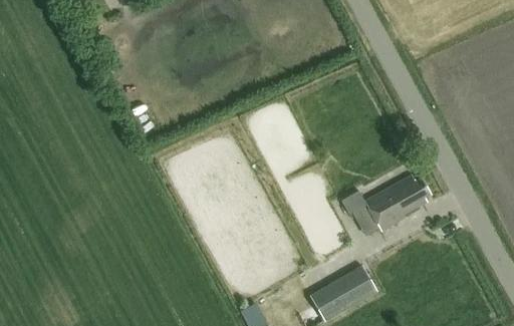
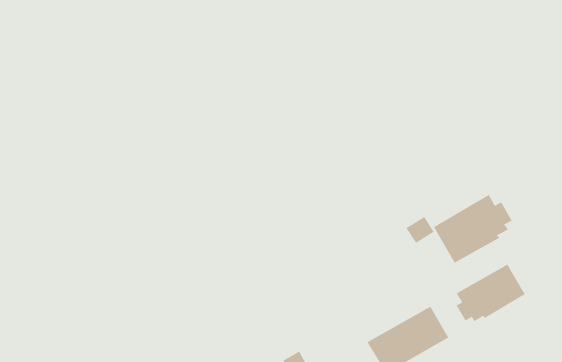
building: none -> [456,264,525,322]

